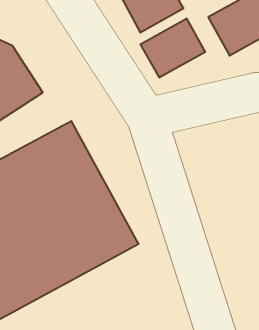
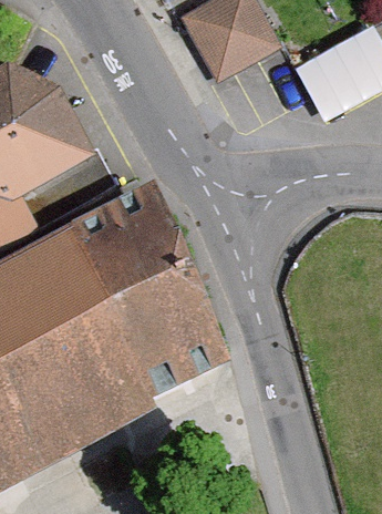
building: [141,18,205,78] -> none

